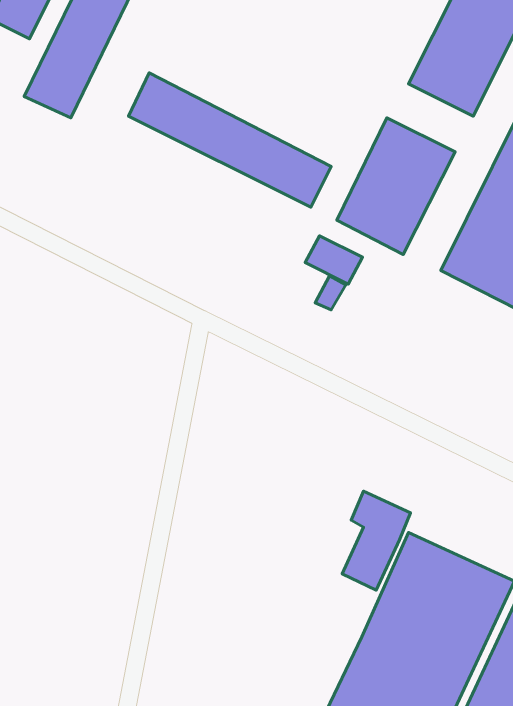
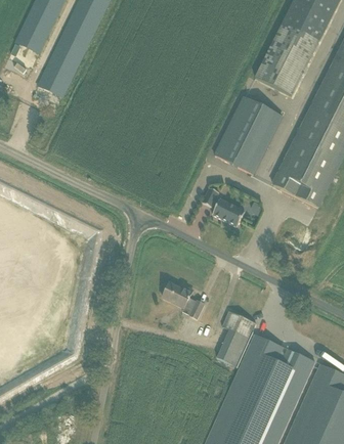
building: [129,73,331,207] -> none
building: [305,236,363,284] -> [211,198,244,226]
building: none -> [162,282,204,319]

